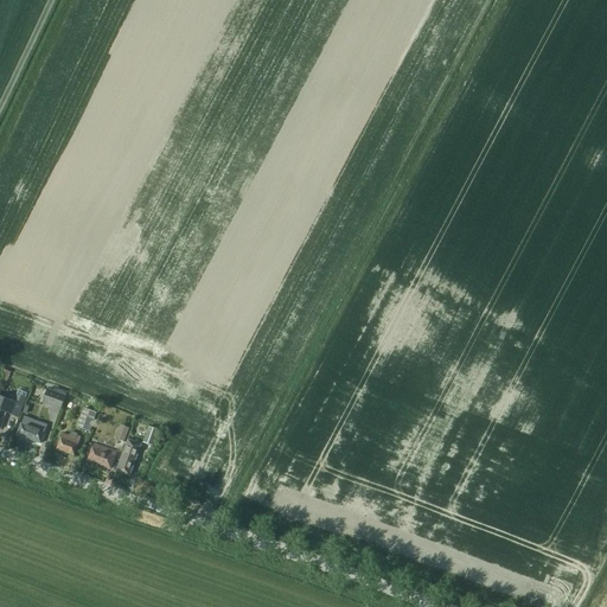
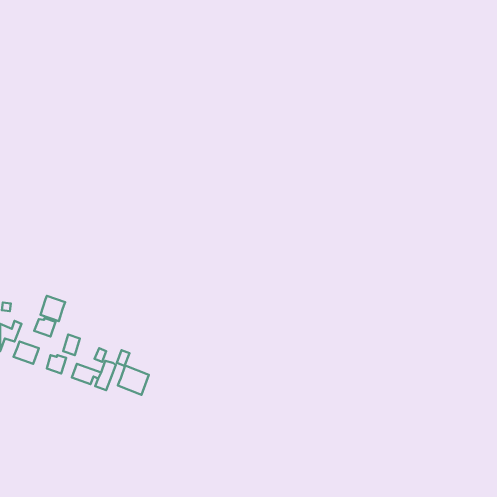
building: none -> [41,296,65,321]
building: none -> [118,365,149,395]

